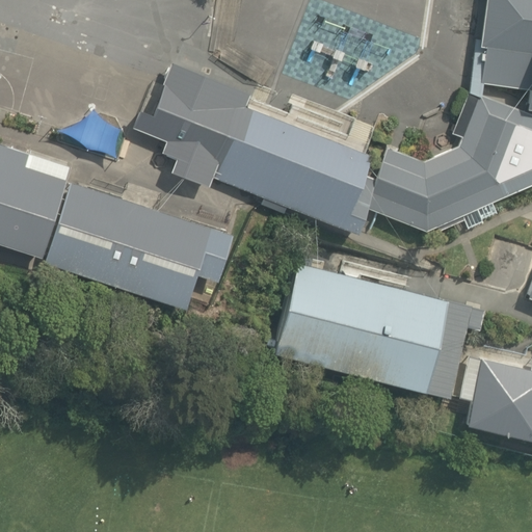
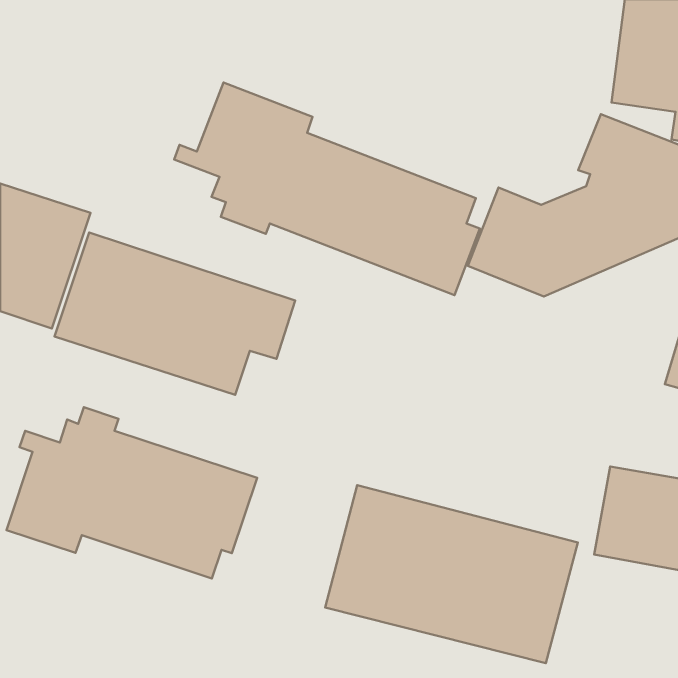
building: [269,270,467,409] -> [325,485,578,663]
building: none -> [7,407,257,578]

